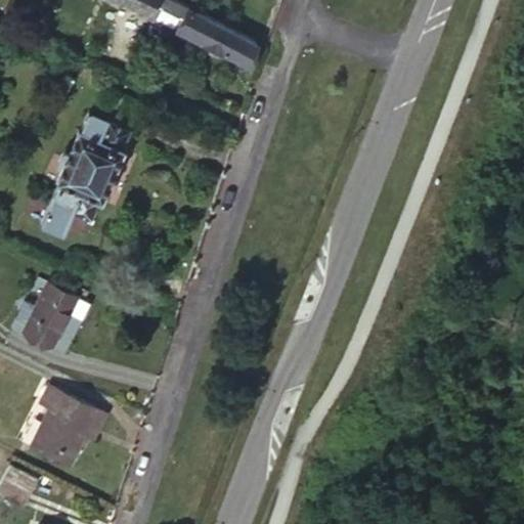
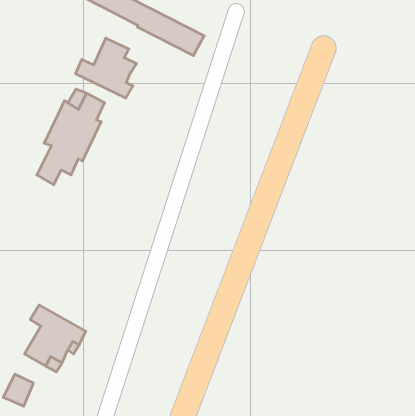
building: none -> [76,38,137,98]
building: [9,281,80,351] -> none

